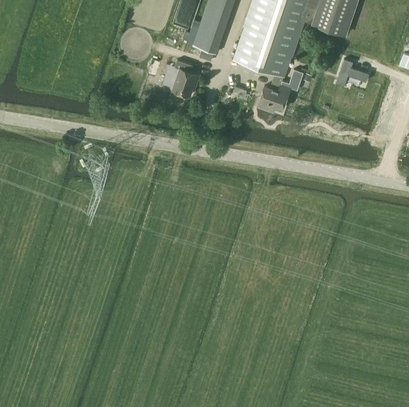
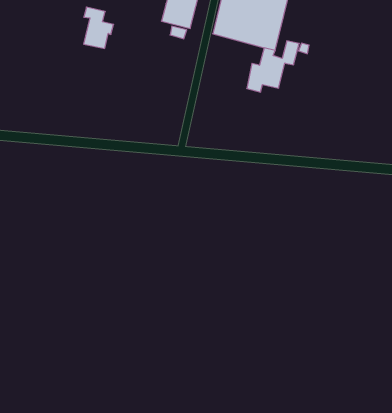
building: [334,59,367,87] -> none
building: [172,61,198,96] -> [84,7,114,48]

